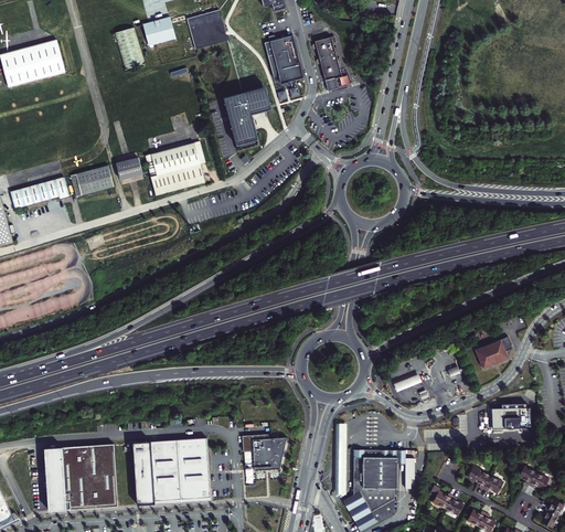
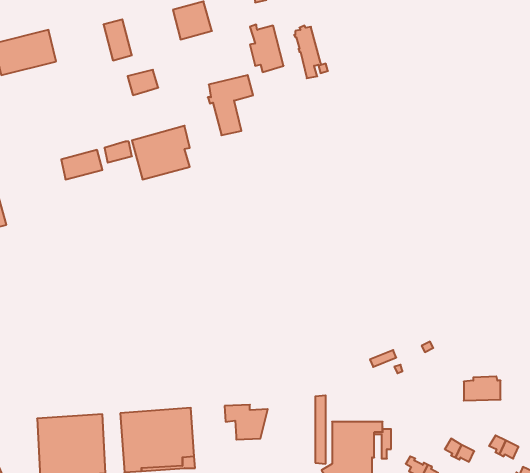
building: [142,20,174,46] -> [128,70,158,95]
building: [10,178,68,208] -> none
building: [476,334,512,368] -> none

